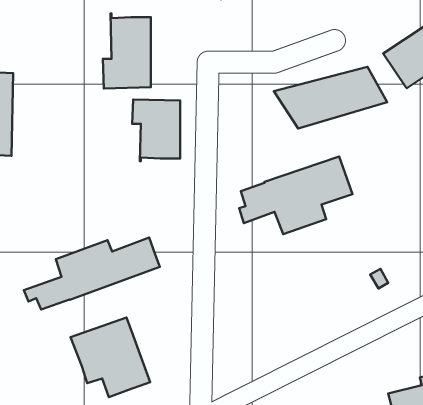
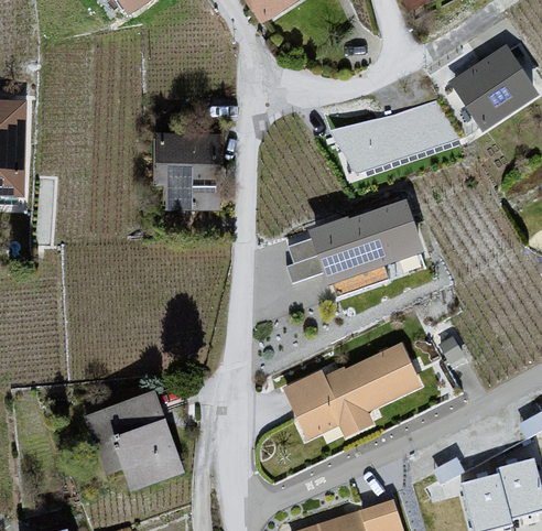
building: [103,14,151,88] -> none
building: [24,238,160,310] -> none
building: none -> [288,345,419,432]

